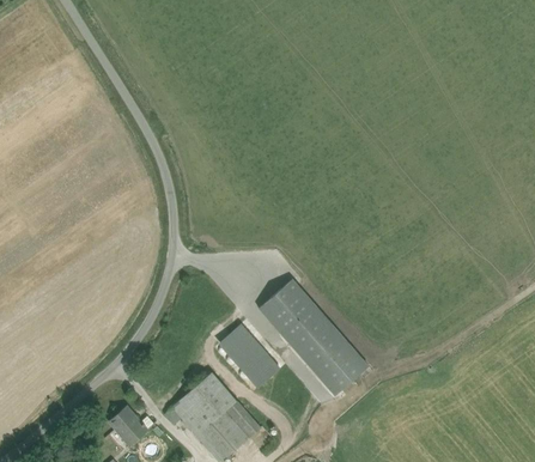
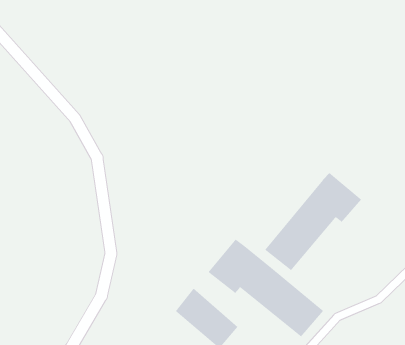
building: none -> [264,172,362,271]

